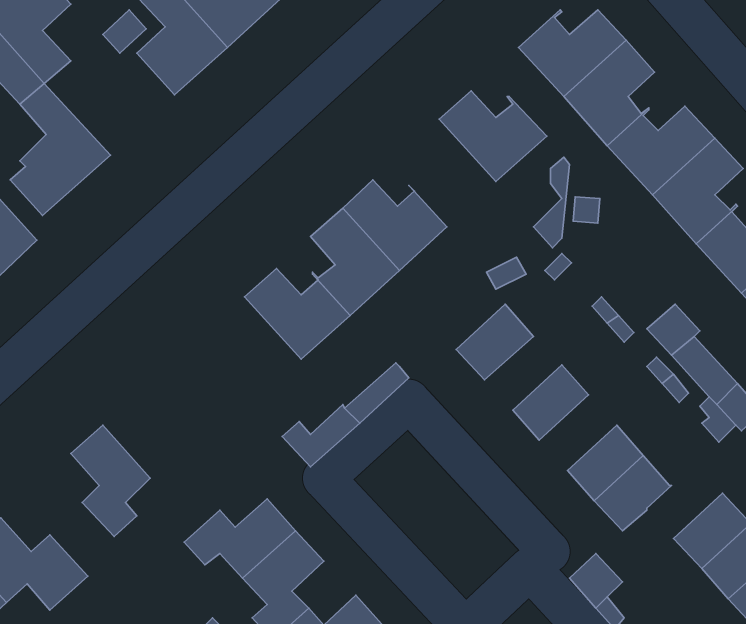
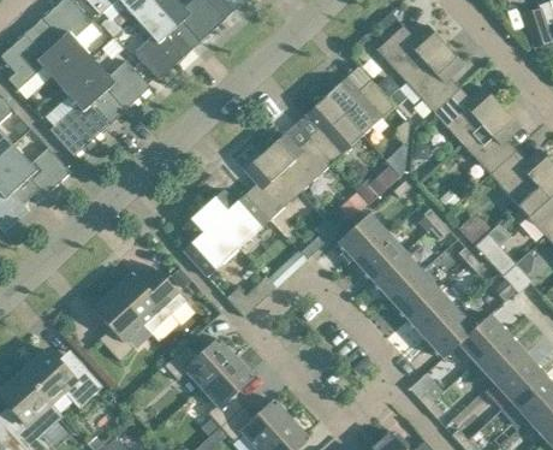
building: none -> [75,57,150,117]
building: none -> [305,94,362,162]
building: none -> [182,207,238,276]
building: none -> [355,232,404,279]
building: none -> [390,270,439,318]
building: none -> [112,271,182,332]
building: none -> [458,313,506,361]

